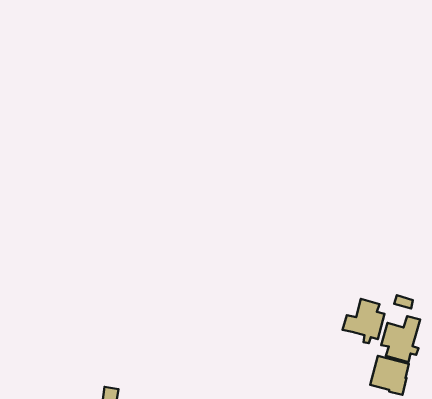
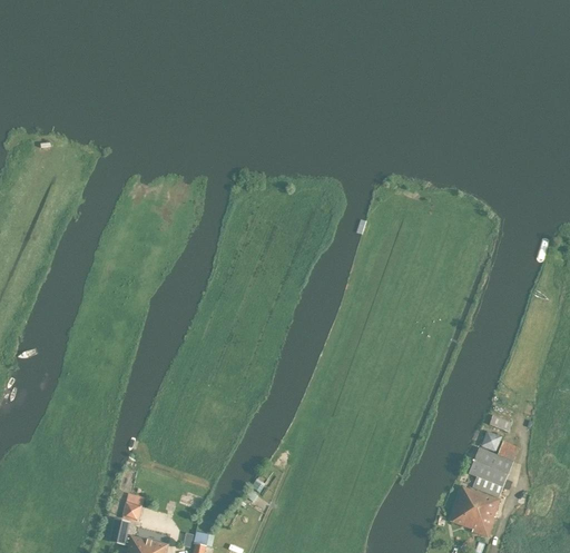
building: [343,299,385,343] -> none

